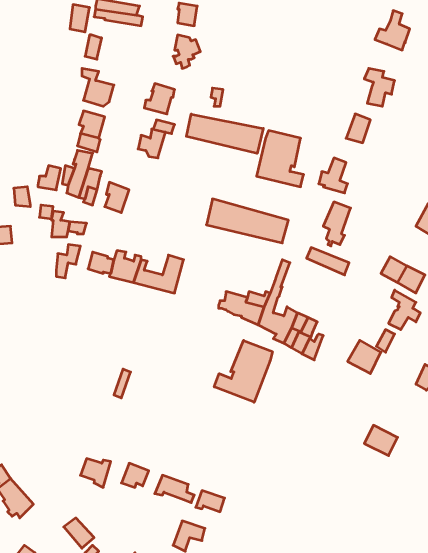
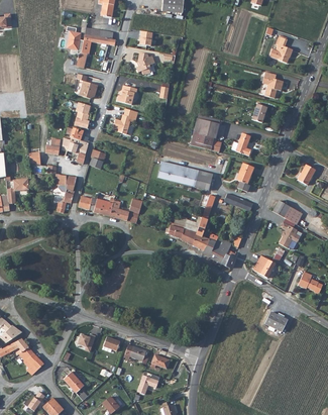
building: [186,114,263,153] -> none
building: [214,340,272,402] -> none

